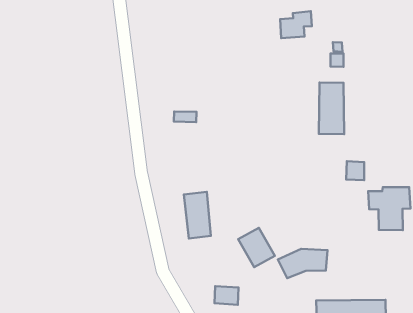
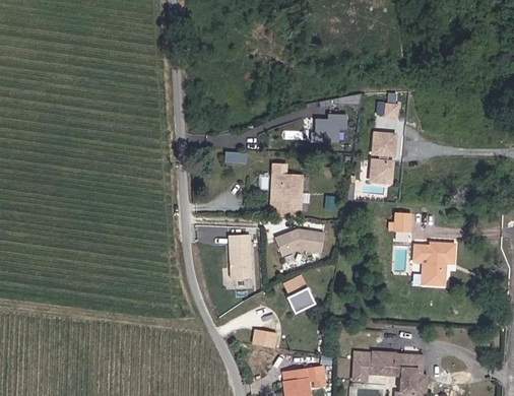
building: [280,11,312,38] -> [315,114,346,139]
building: none -> [270,173,303,210]
building: [278,249,327,278] -> [273,228,324,257]

